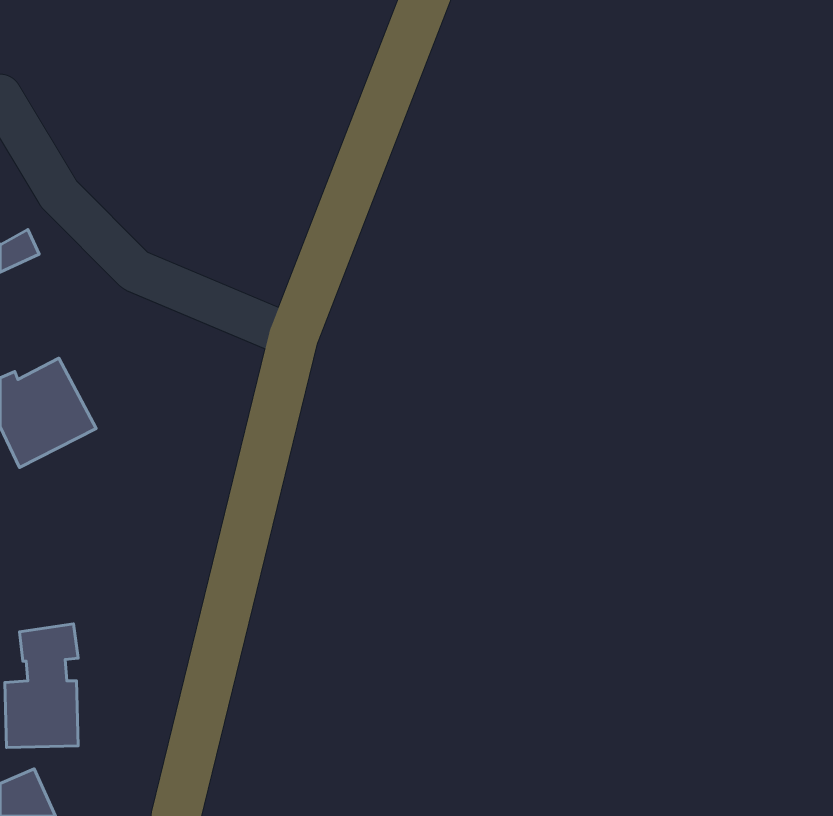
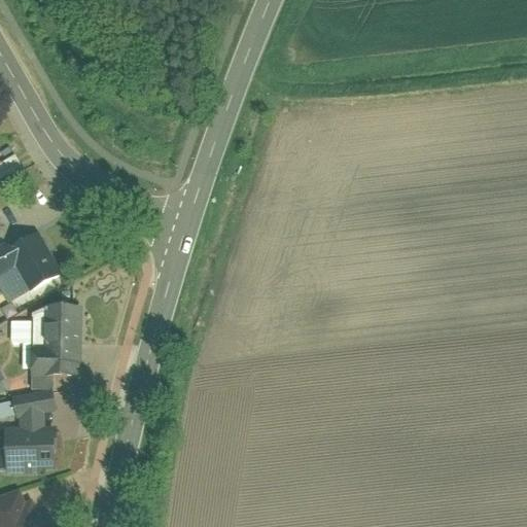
building: none -> [9,311,77,379]

